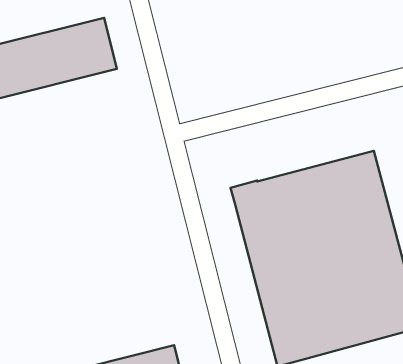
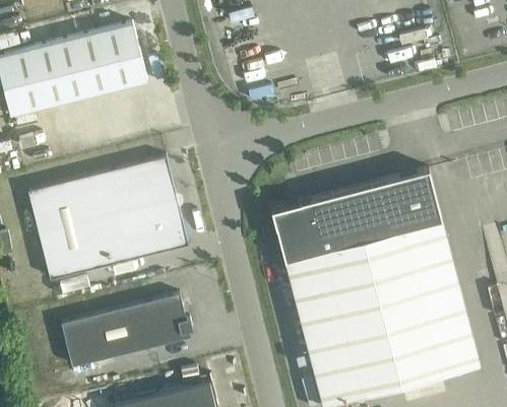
building: none -> [28,158,188,281]
building: none -> [61,295,190,368]

